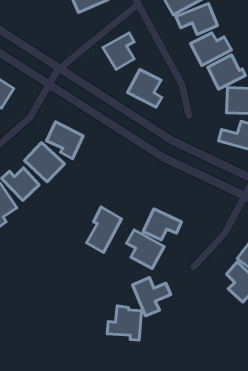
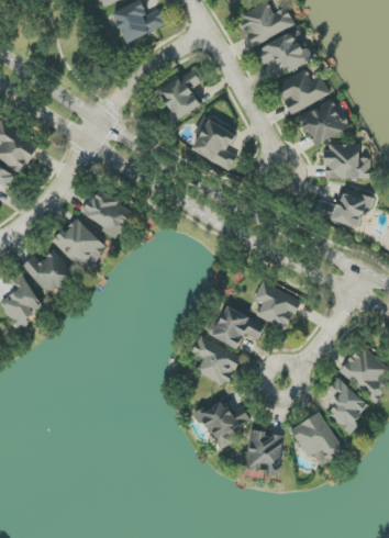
building: none -> [254,282,300,330]
building: [86,207,122,252] -> none
building: none -> [290,412,344,467]
building: [107,306,142,340] -> [236,429,282,475]

